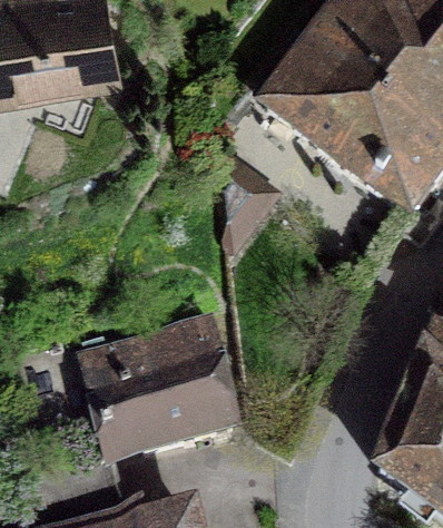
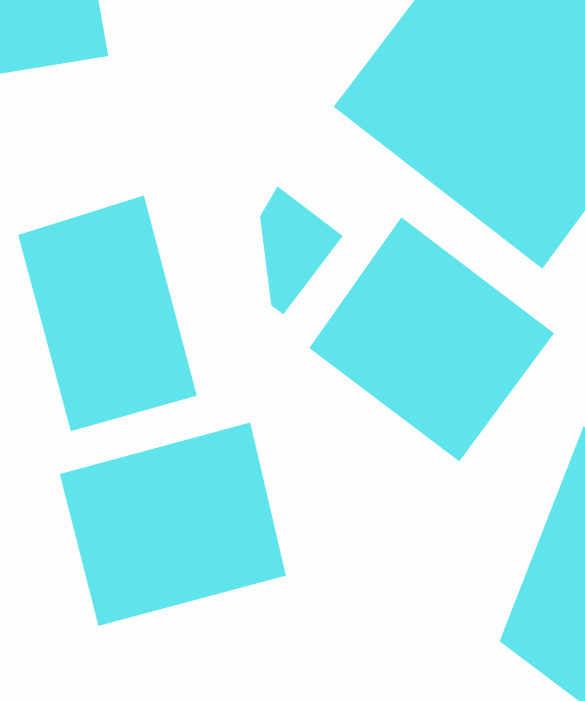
building: none -> [17,195,198,432]
building: none -> [308,216,555,463]

